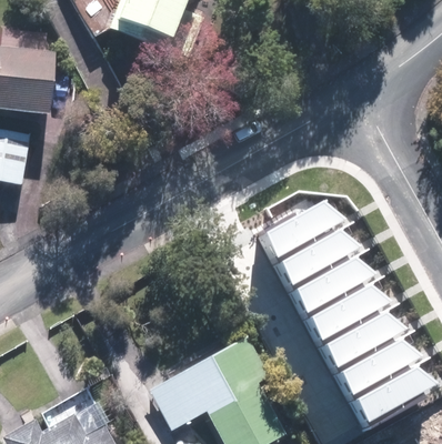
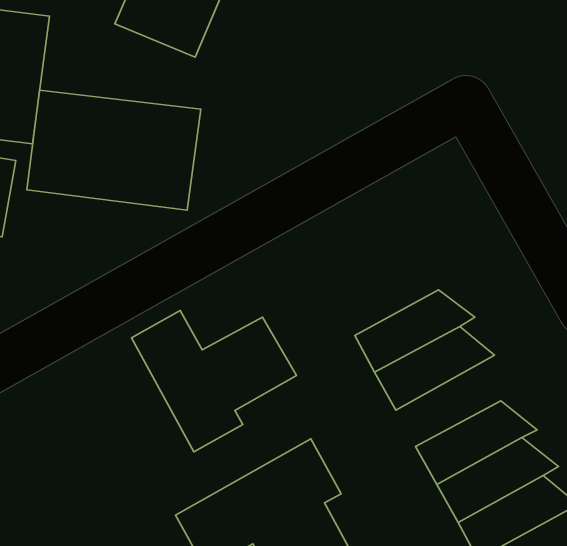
building: none -> [27,90,201,210]
building: [263,201,350,261] -> none
building: none -> [131,311,297,452]
building: [309,281,398,342] -> none

